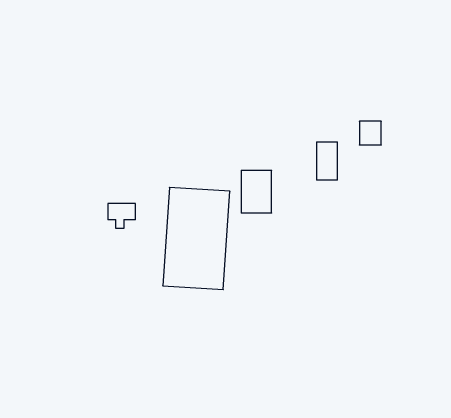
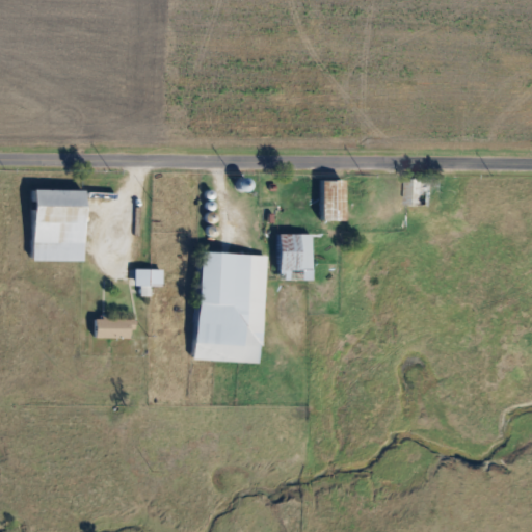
building: none -> [34,189,85,261]
building: [317,142,337,180] -> [322,179,345,220]
building: none -> [97,318,136,338]

